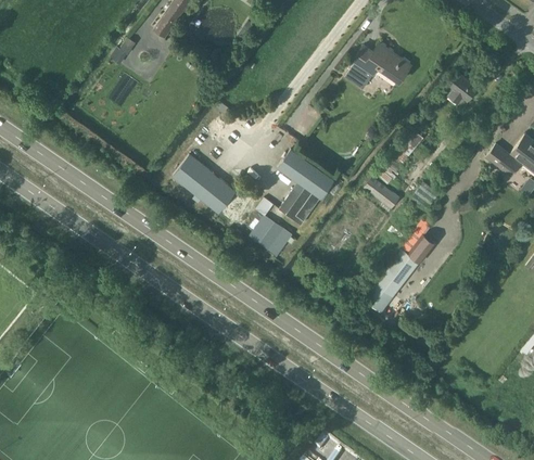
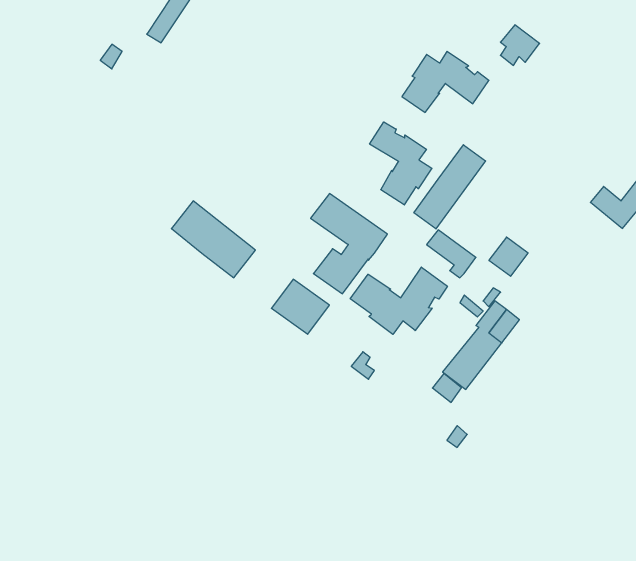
building: [448,74,478,104] -> [500,25,540,65]
building: none -> [370,122,432,205]
building: none -> [414,145,486,229]
building: none -> [350,267,447,334]

